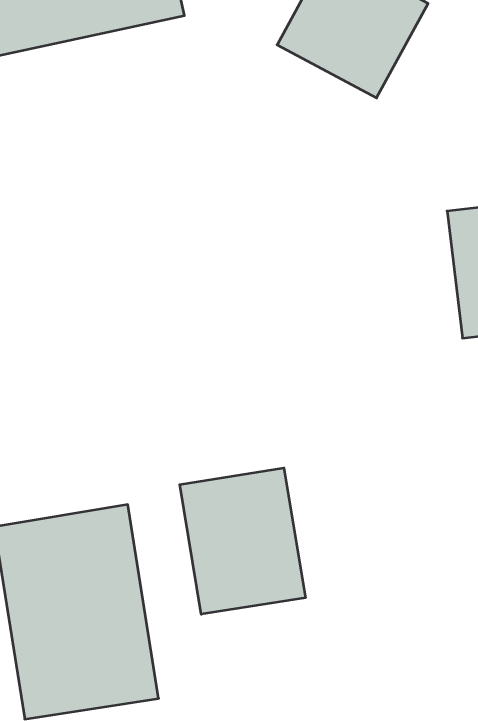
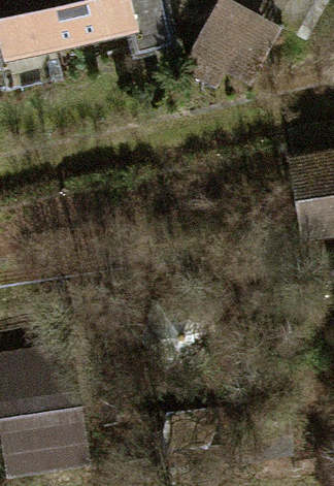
building: [180,468,305,614] -> none

